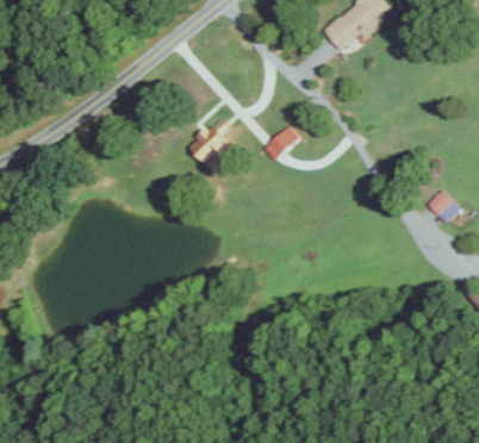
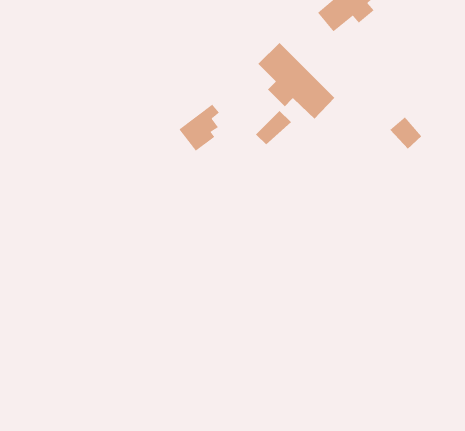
building: none -> [257,42,335,120]
building: [427,191,459,223] -> [389,117,422,149]

